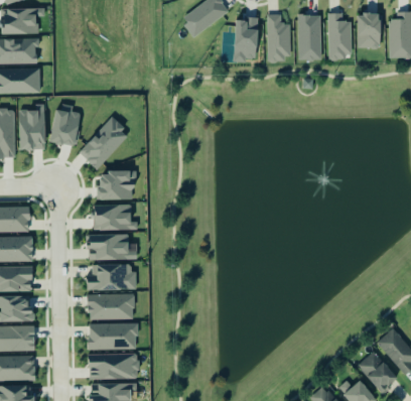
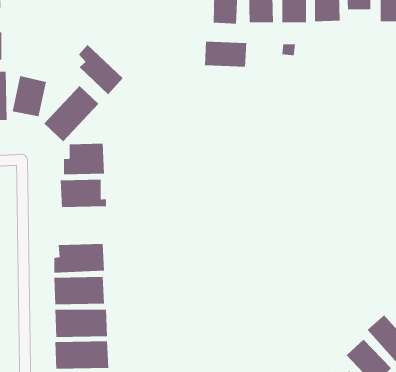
building: none -> [204,41,247,68]
building: none -> [78,44,123,95]
building: [88,234,128,259] -> none

